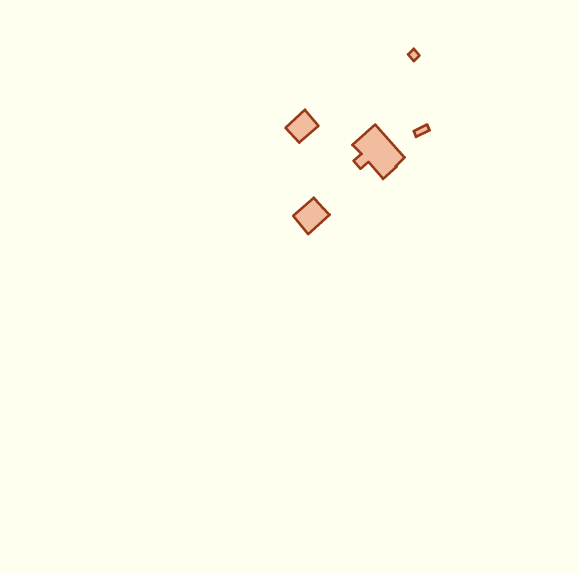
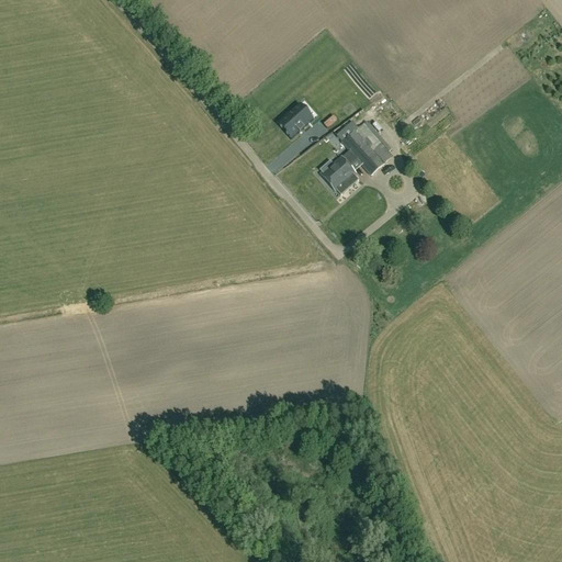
building: [293,198,330,234] -> [322,154,357,189]

